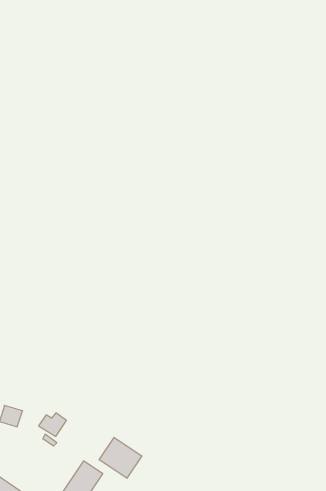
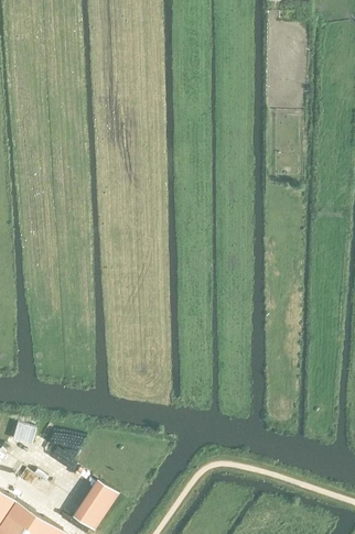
building: [99,437,142,478] -> none

